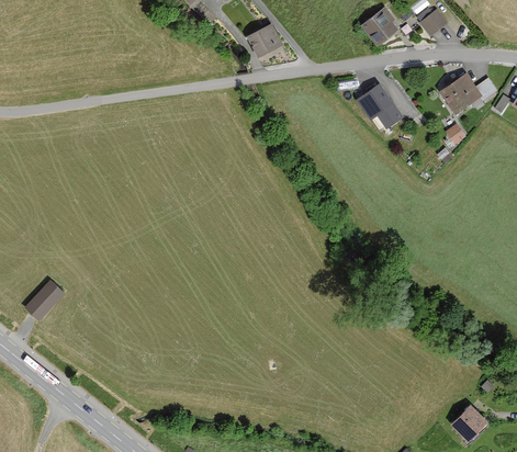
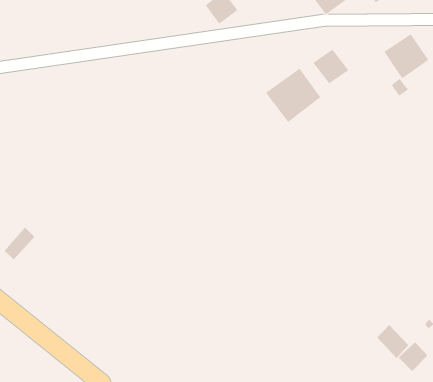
building: none -> [265,68,321,123]
building: none -> [376,324,409,359]

